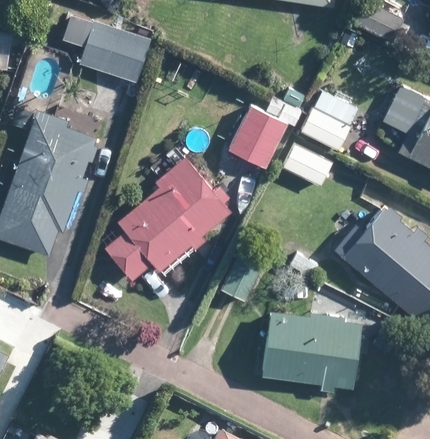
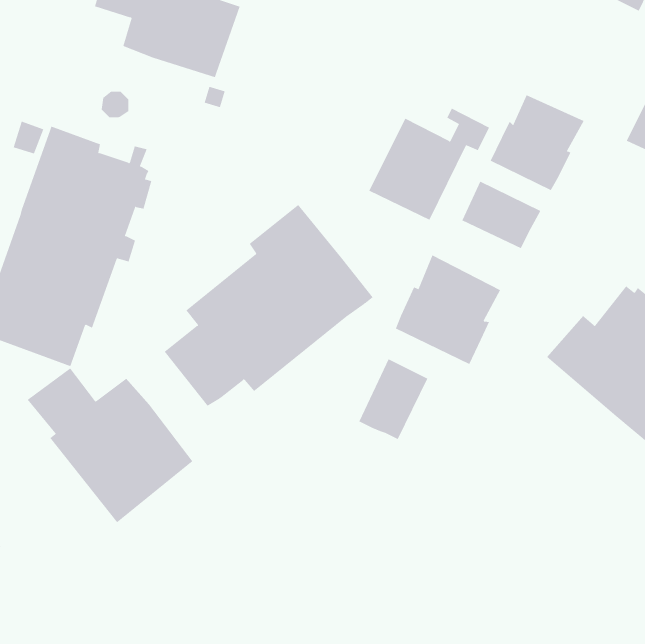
building: none -> [395,255,501,365]
building: none -> [27,367,193,523]
building: [262,312,369,392] -> none

